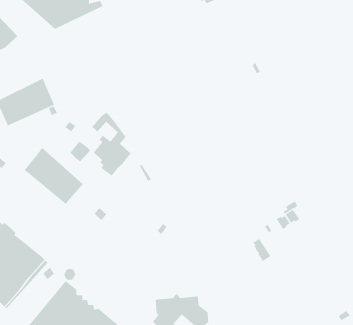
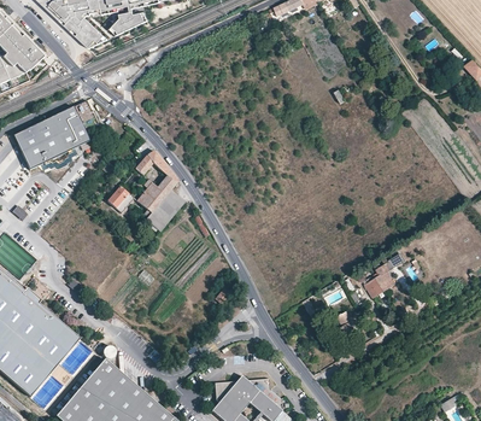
building: [24,147,84,205] -> none

